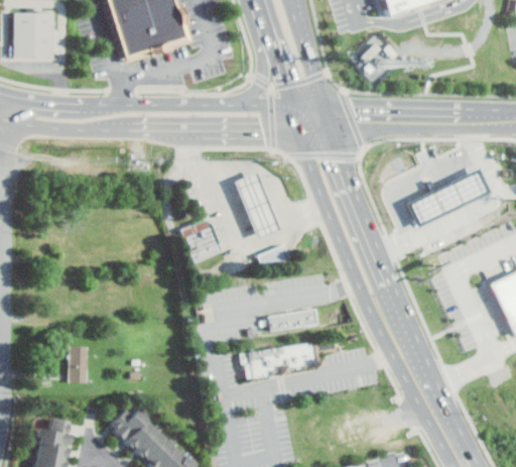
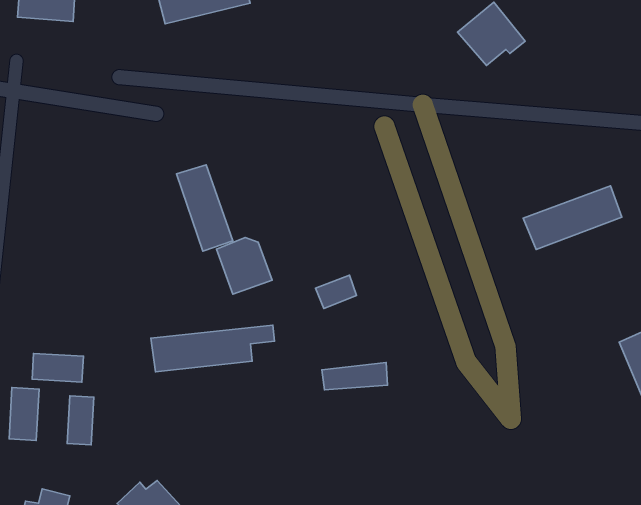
building: [229,172,274,238] -> [177,165,233,251]
building: none -> [32,353,83,382]
building: [238,340,332,380] -> [151,325,275,372]
building: none -> [9,388,39,440]

